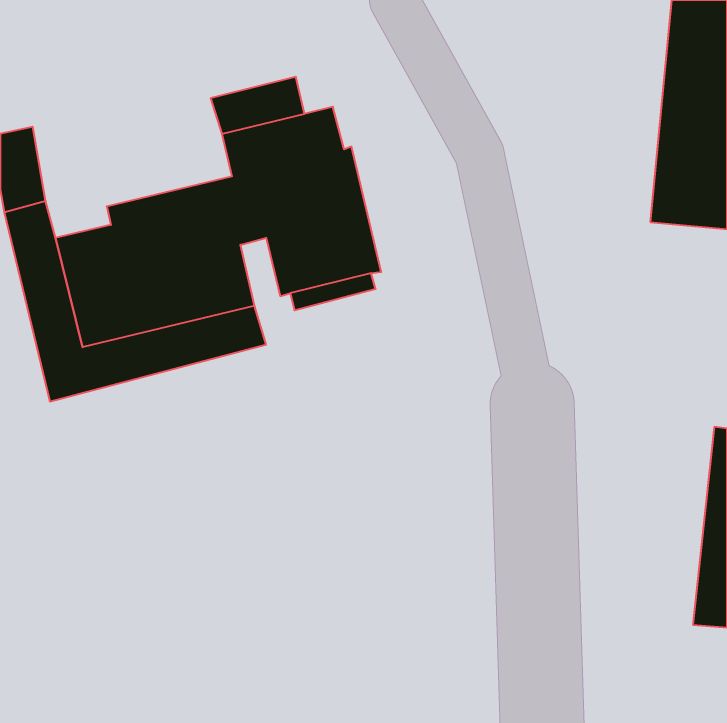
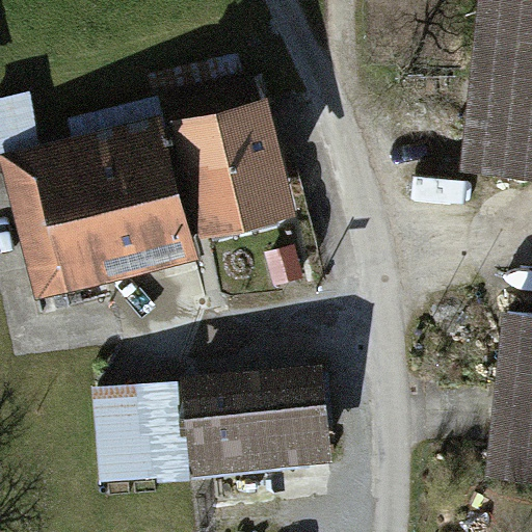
building: none -> [191,374,322,458]
building: none -> [100,398,155,480]

